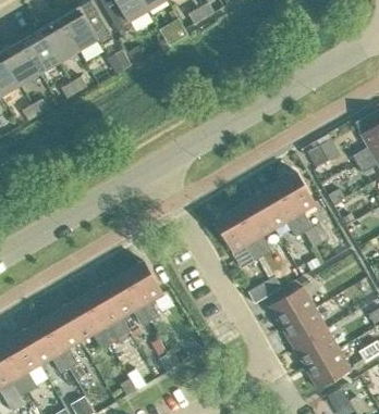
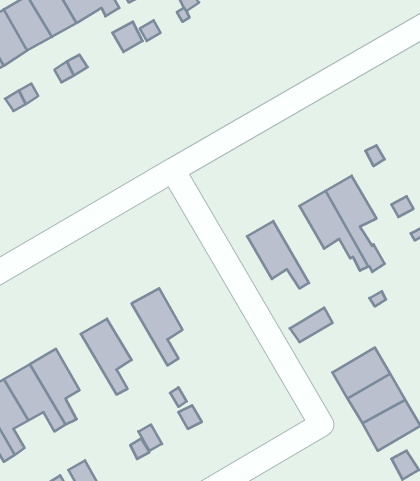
building: [234,196,274,256] -> none
building: [102,273,150,326] -> none
building: [269,287,315,327] -> none
building: [62,297,110,350] -> none

